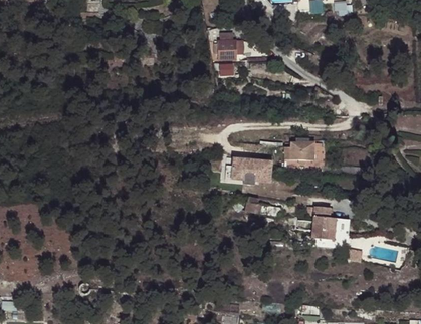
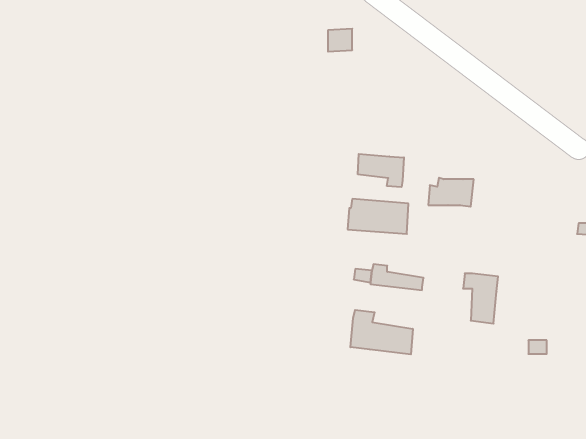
building: none -> [358,154,404,187]
building: none -> [350,310,413,354]

